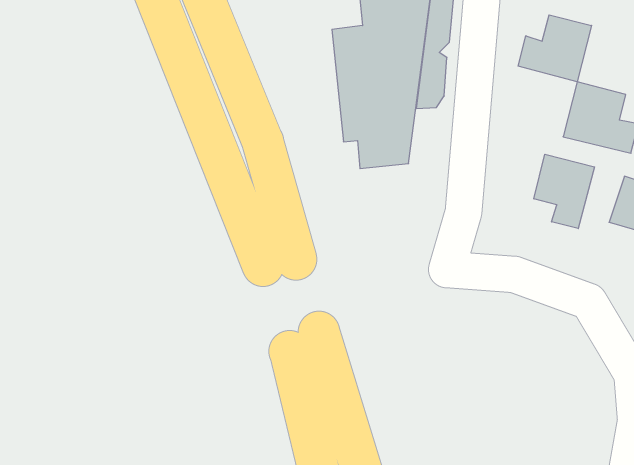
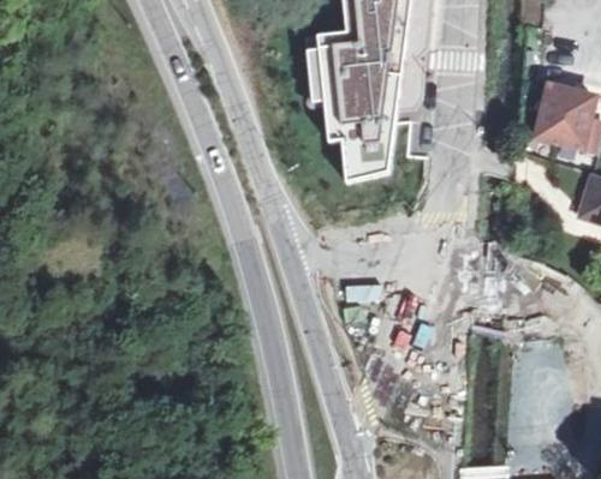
building: [518,15,592,82] -> none
building: [534,154,595,229] -> none

